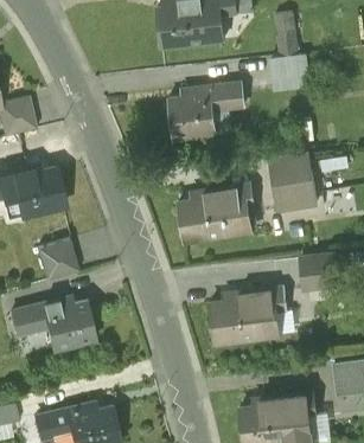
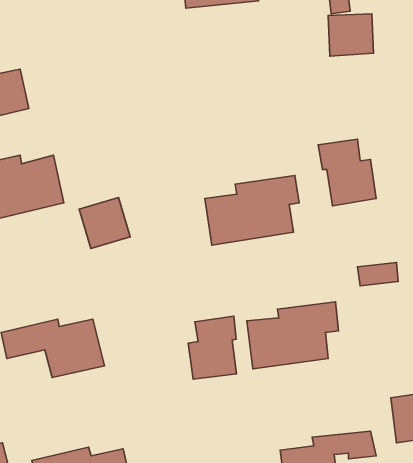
building: [168,84,244,139] -> none
building: [38,239,79,281] -> [79,198,130,248]
building: none -> [188,316,237,379]

